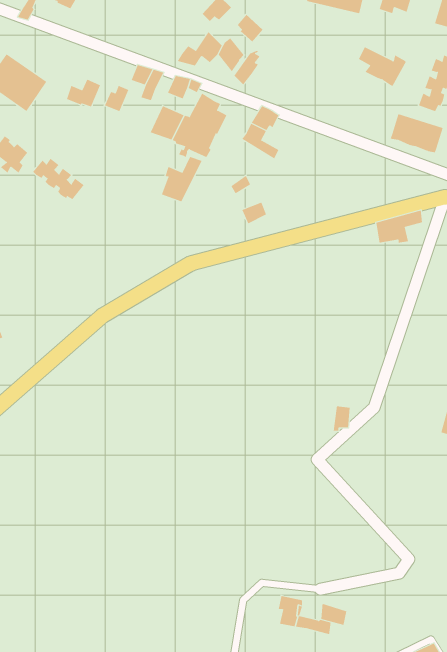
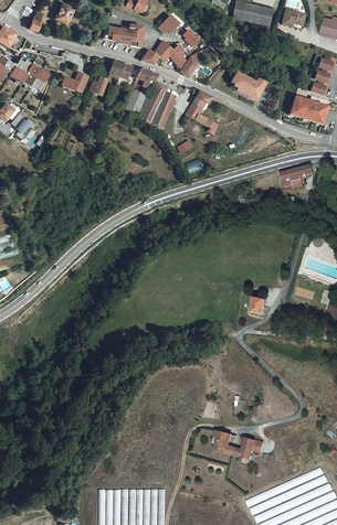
building: none -> [102,24,144,47]
building: [358,47,407,86] -> [233,72,267,99]
building: [161,156,202,202] -> none
building: [32,158,84,200] -> none

